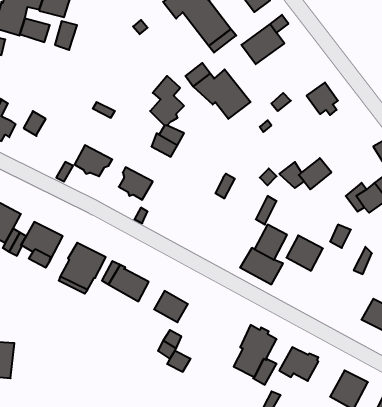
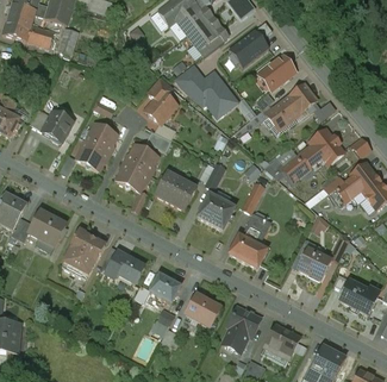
building: none -> [257,55,295,90]
building: none -> [266,95,300,129]
building: none -> [42,112,73,144]
building: none -> [86,123,117,154]
building: none -> [300,126,347,168]
building: none -> [123,144,157,174]
building: none -> [155,171,196,209]
building: none -> [196,194,235,230]
building: [286,235,323,271] -> [297,249,330,281]
building: none -> [185,294,220,327]

